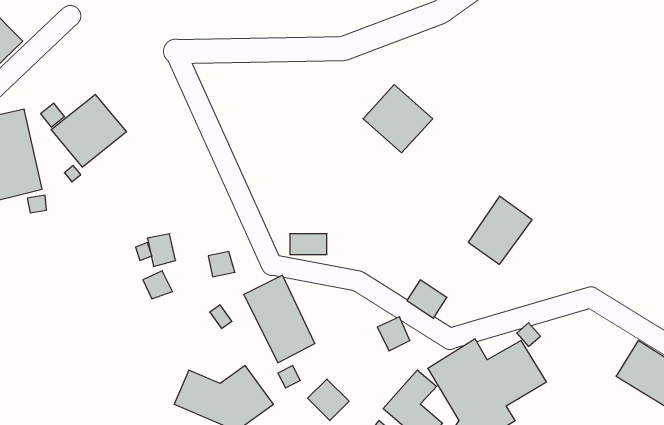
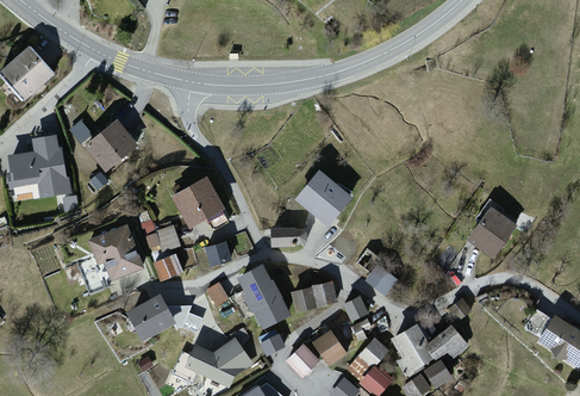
building: [363,85,433,153] -> [294,168,350,223]
building: none -> [166,174,226,235]
building: [468,196,532,264] -> [468,202,519,256]
building: none -> [82,219,146,286]
building: none -> [291,280,337,314]
building: none -> [124,295,175,344]
building: none -> [307,324,348,367]

